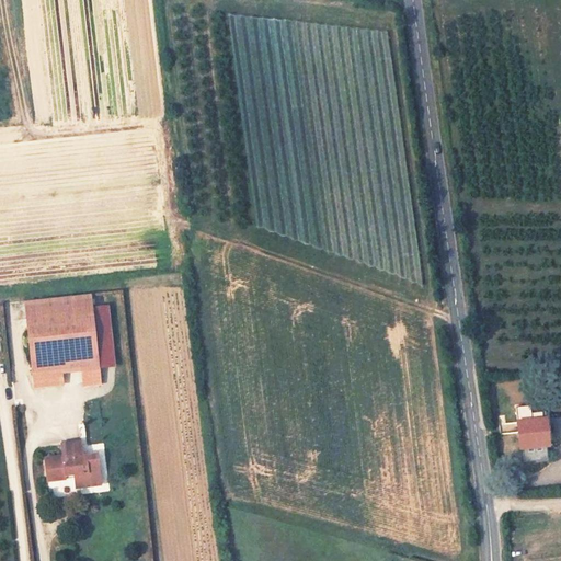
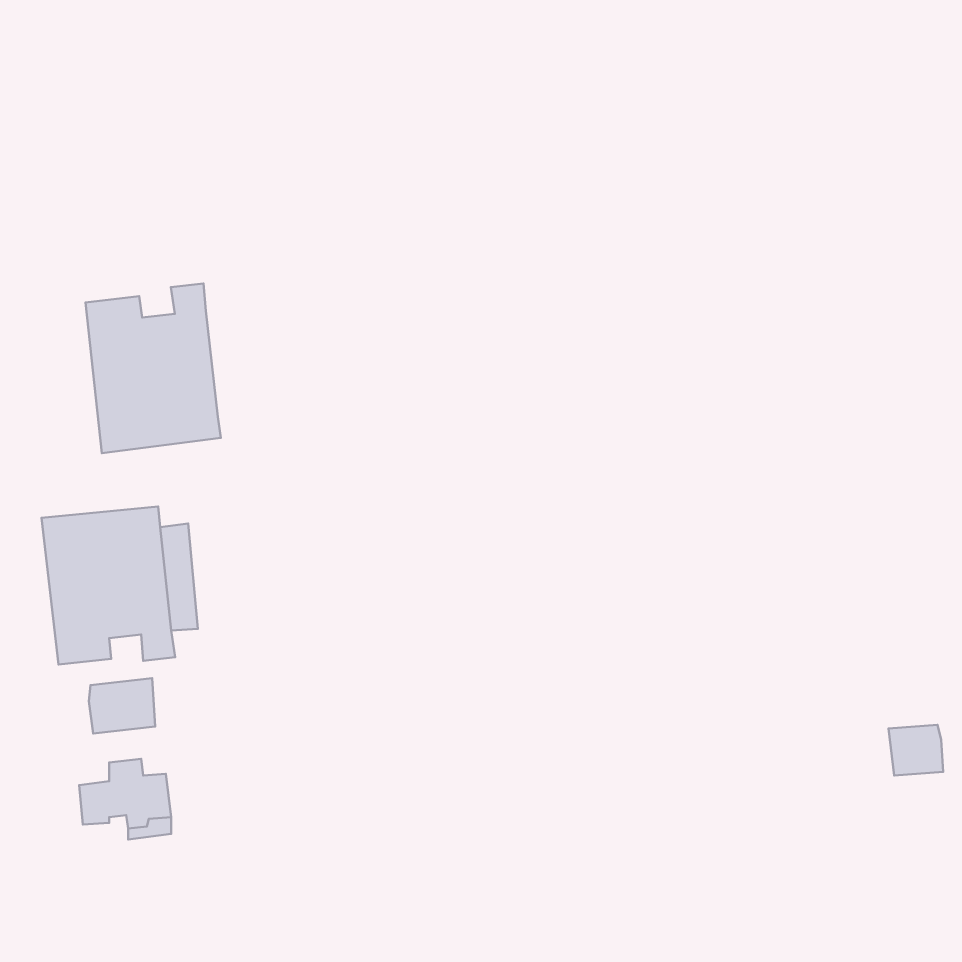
building: none -> [85,284,221,453]
building: none -> [89,678,155,734]

